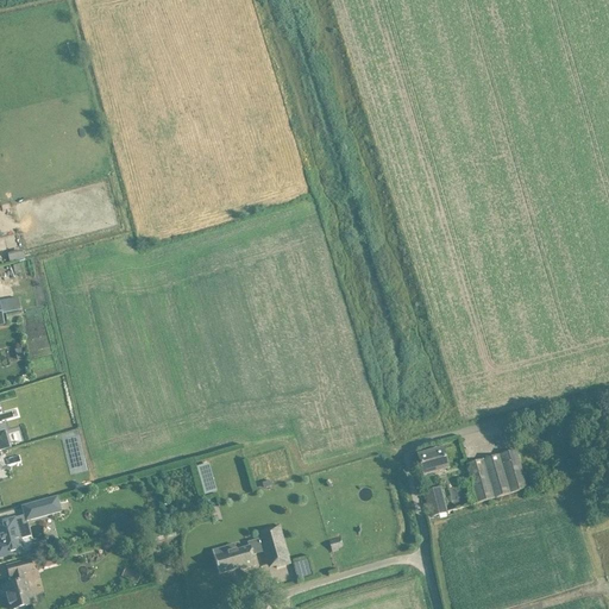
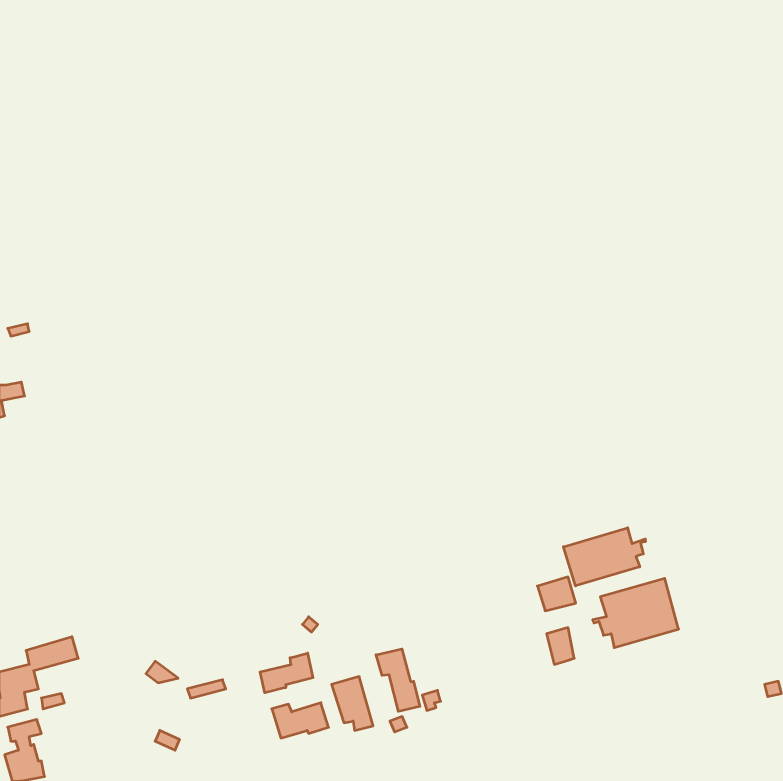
building: none -> [563,528,645,586]
building: none -> [376,649,420,711]
building: none -> [260,653,313,693]

